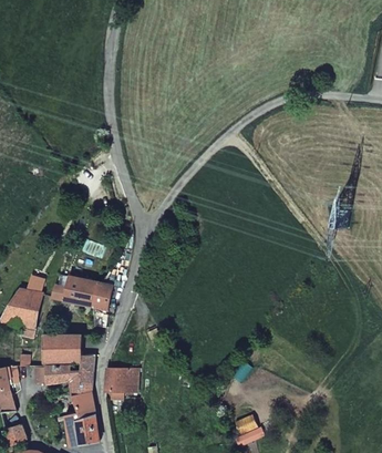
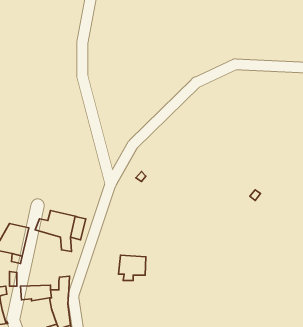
building: [42,331,80,361] -> none
building: [104,368,137,399] -> [119,255,146,280]

